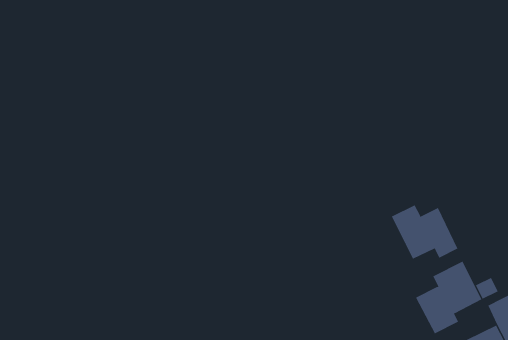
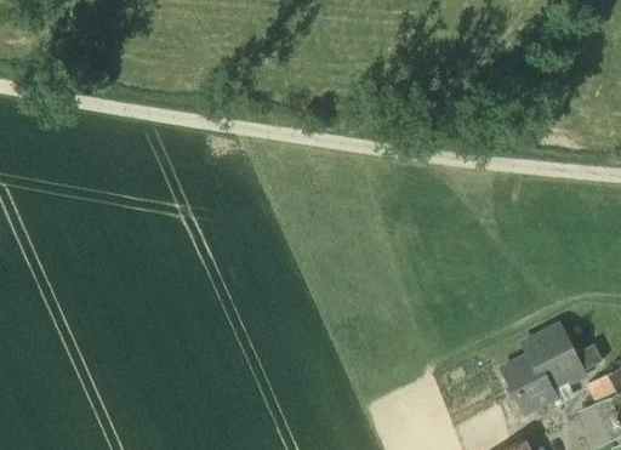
building: [391,204,458,260] -> none

